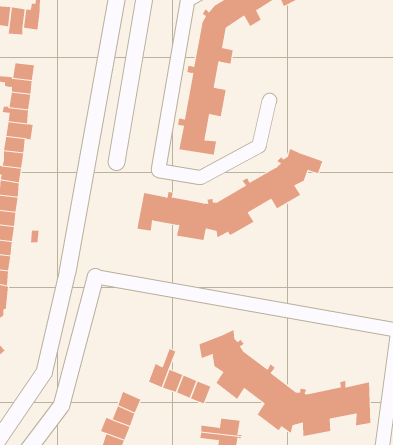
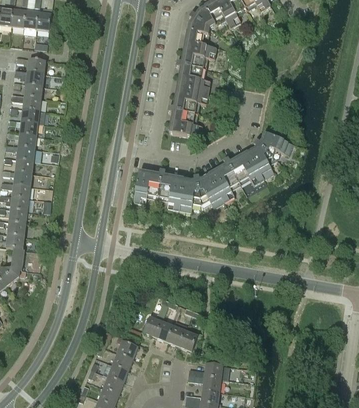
building: [199,329,371,437] -> none

